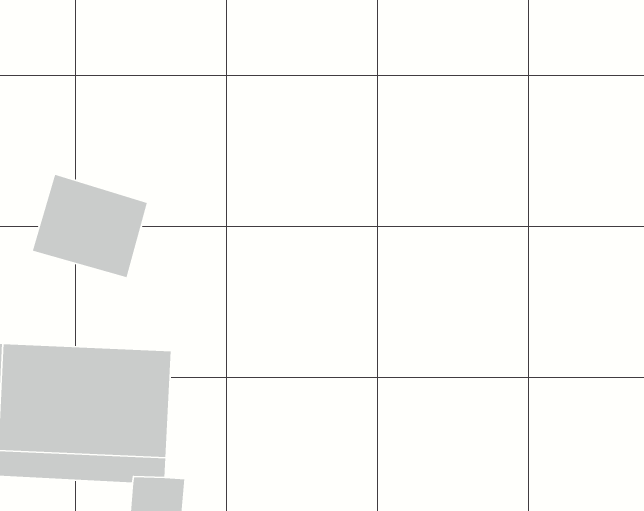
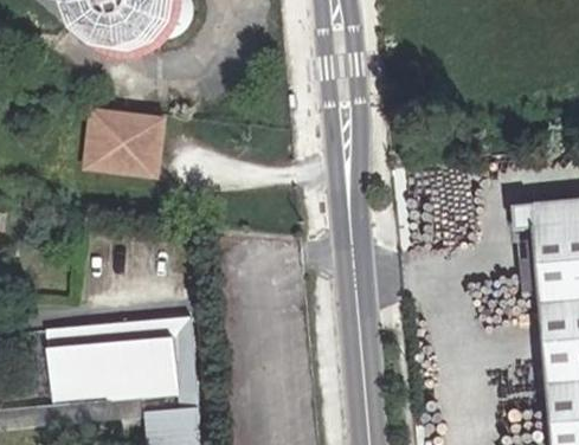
building: [32,174,148,278] -> [91,112,168,179]

